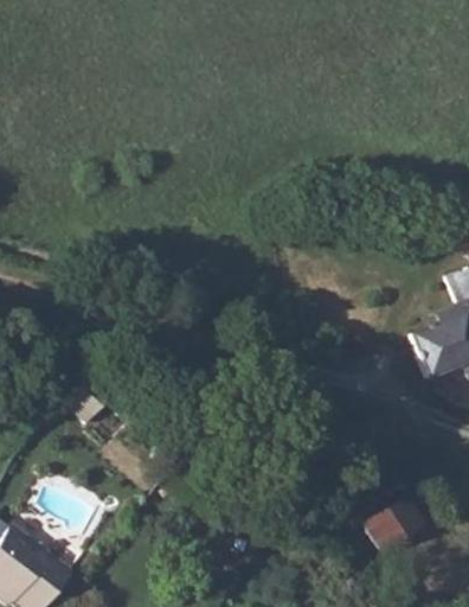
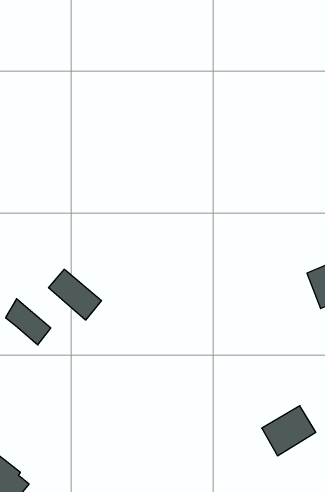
building: none -> [49,269,101,320]

